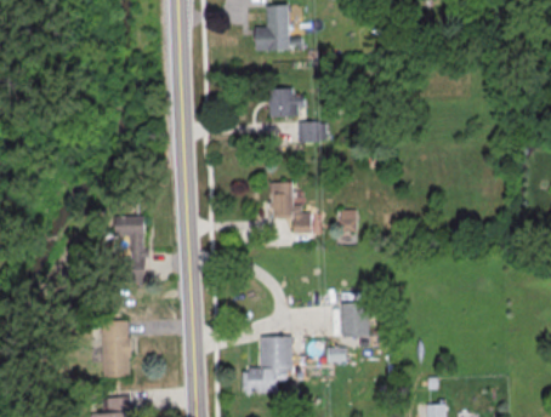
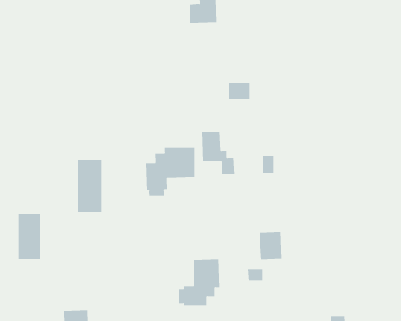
building: [267,87,303,116] -> none
building: none -> [145,147,195,197]
building: [104,321,132,377] -> [18,213,41,259]

